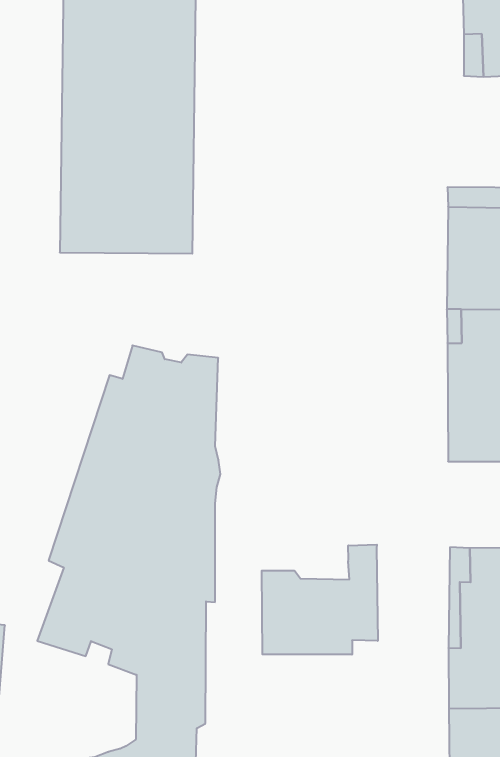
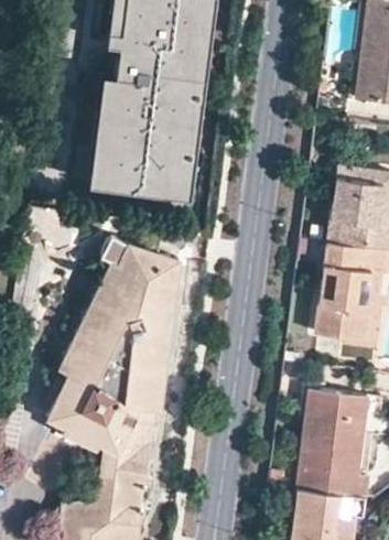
building: [262,545,378,655] -> none

